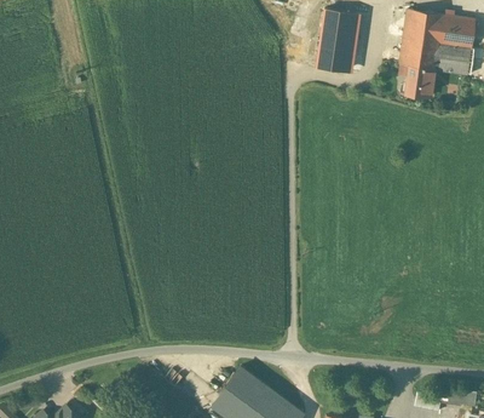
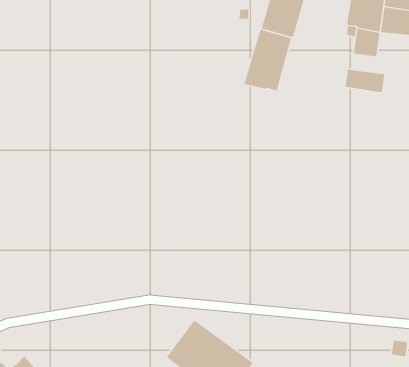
building: none -> [243,29,292,92]
building: none -> [345,69,385,93]

